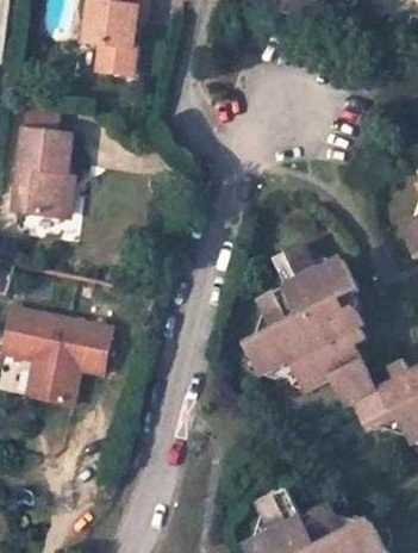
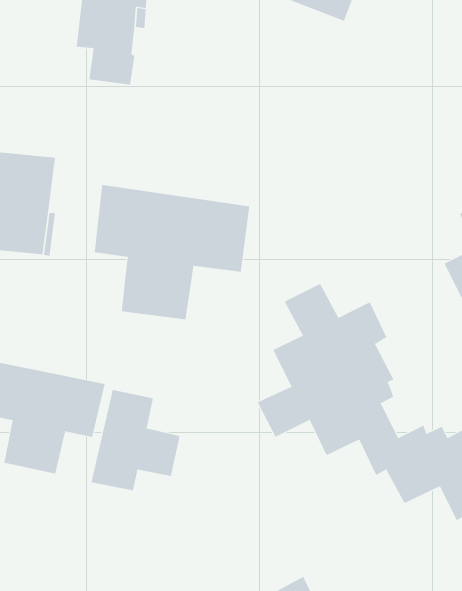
building: none -> [94,184,250,320]
building: none -> [91,389,180,491]

